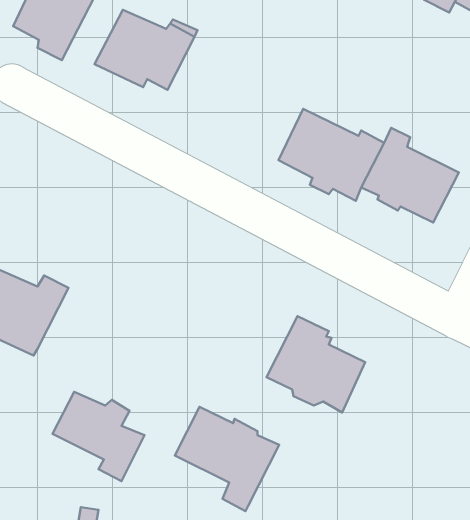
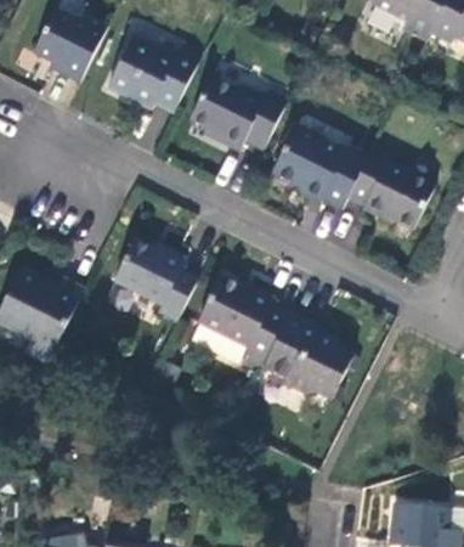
building: none -> [191,77,287,151]
building: [52,392,144,481] -> [113,243,196,323]
building: [175,407,279,511] -> [196,278,289,372]

